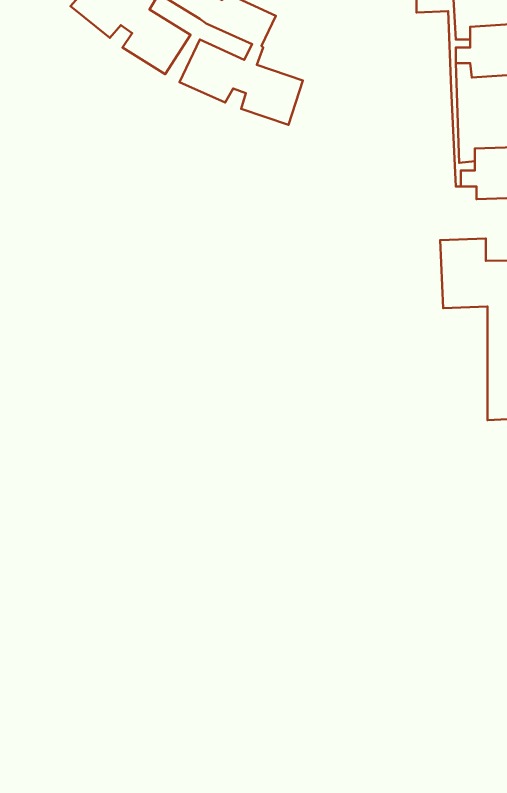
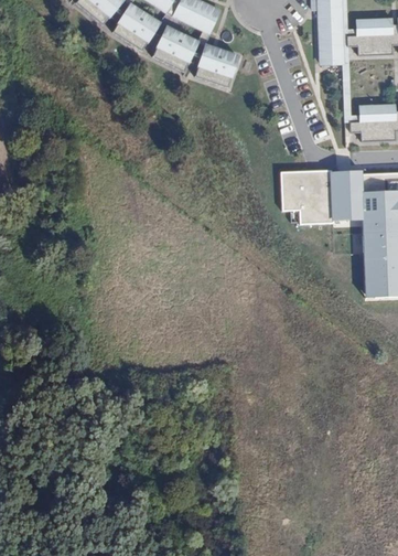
building: none -> [316,9,341,64]
building: none -> [283,163,335,217]

